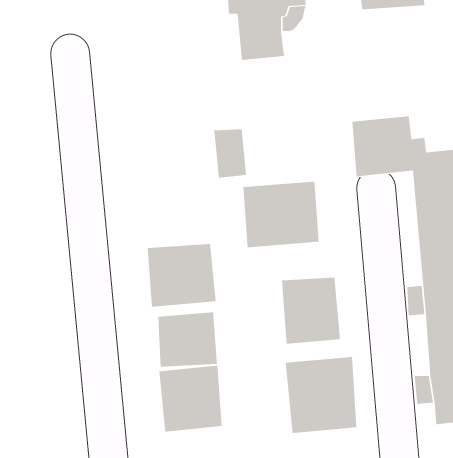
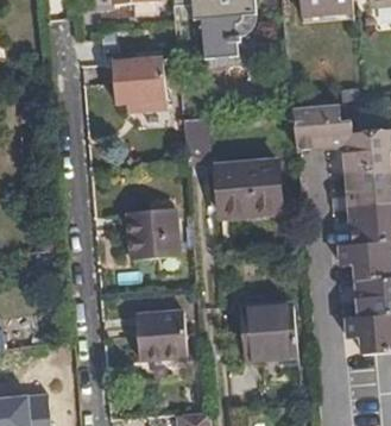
building: none -> [112,57,168,114]
building: [281,277,341,344] -> none
building: [158,312,217,368] -> none

